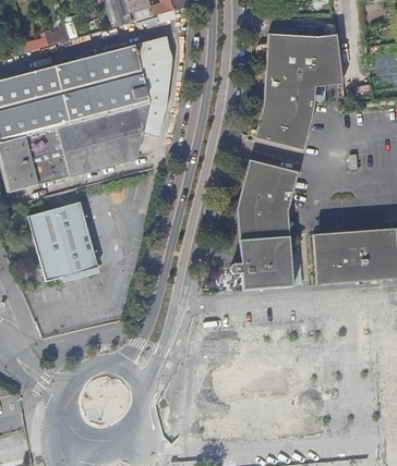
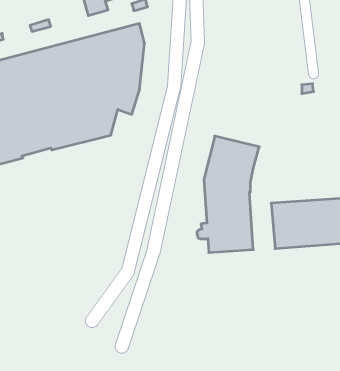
building: [255,34,342,149] -> none
building: [27,201,96,281] -> none

